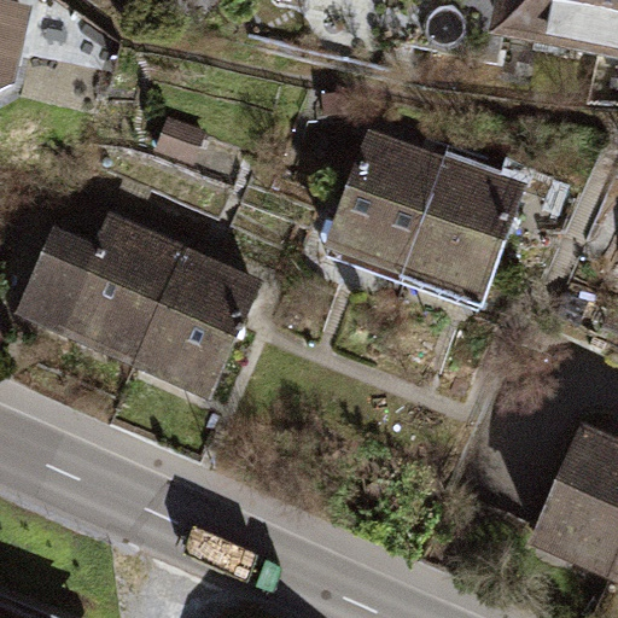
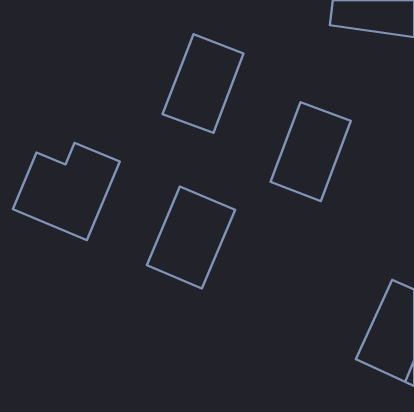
building: [327,127,448,274] -> [163,34,244,133]
building: [129,244,261,396] -> [147,186,235,289]

